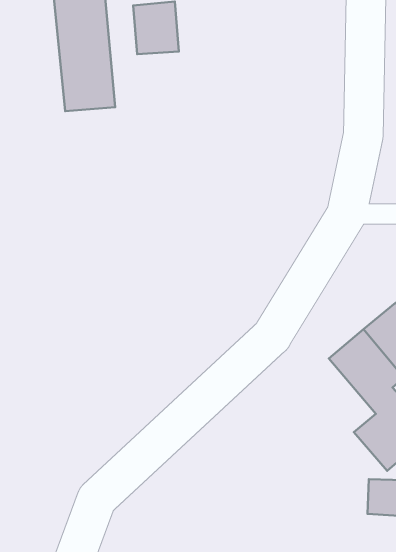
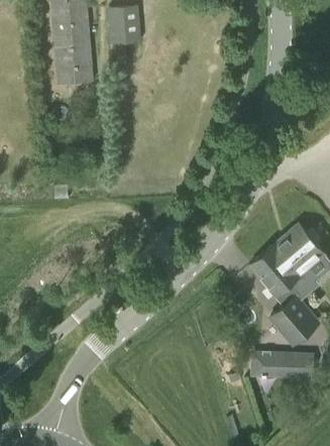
building: none -> [246,346,278,376]

